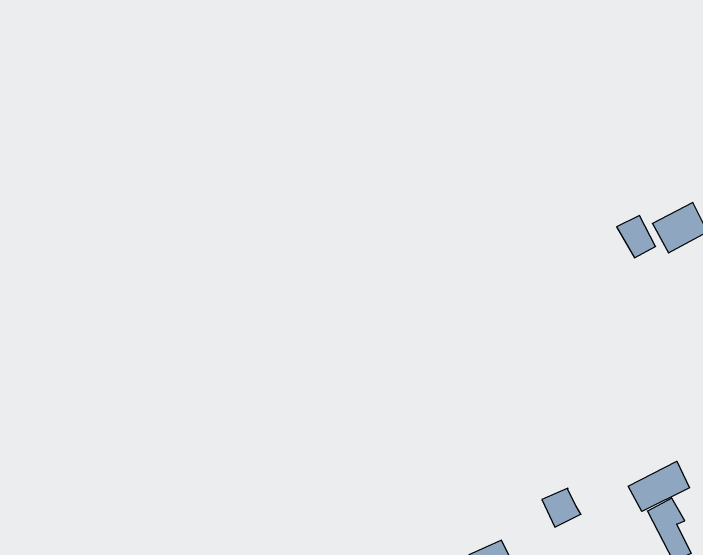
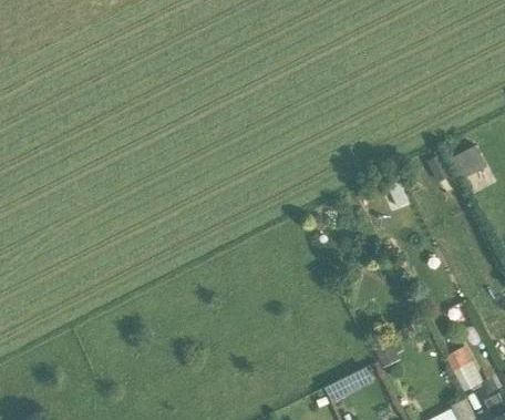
building: [628,461,689,511] -> none

